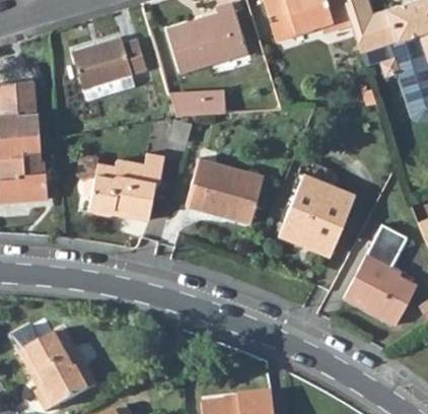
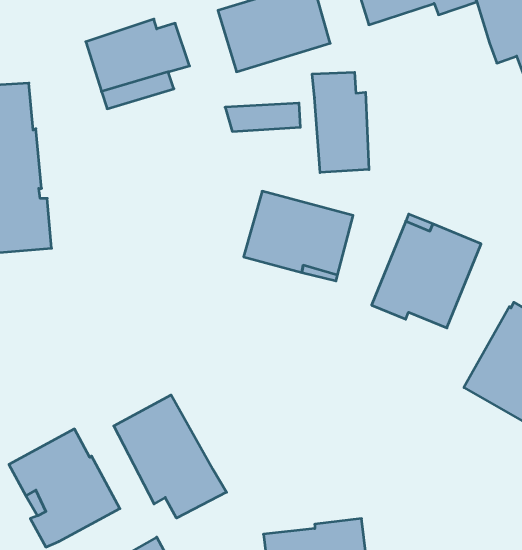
building: none -> [312,72,369,173]
building: [81,151,164,218] -> none
building: none -> [114,395,227,518]

